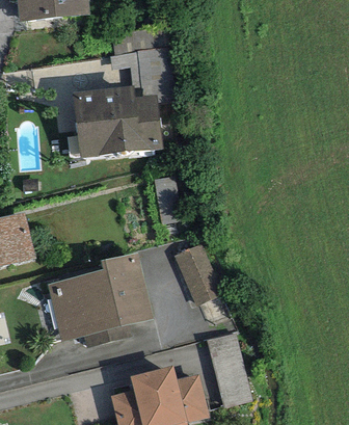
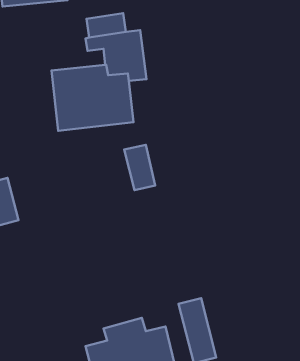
building: [172,243,223,307] -> none
building: [47,251,152,347] -> none

